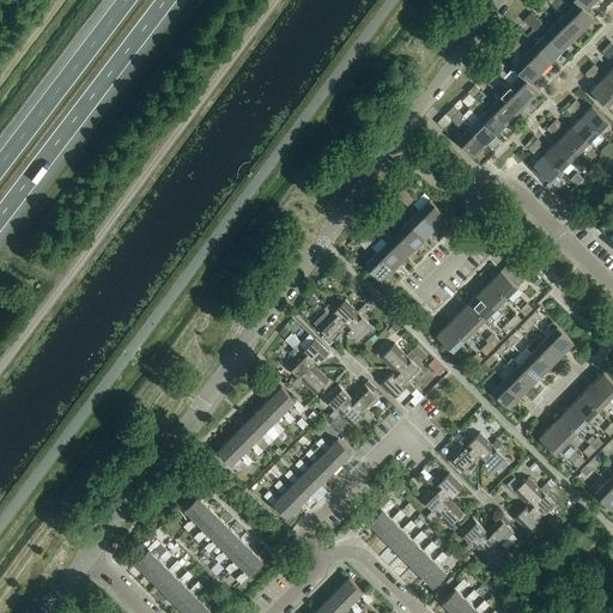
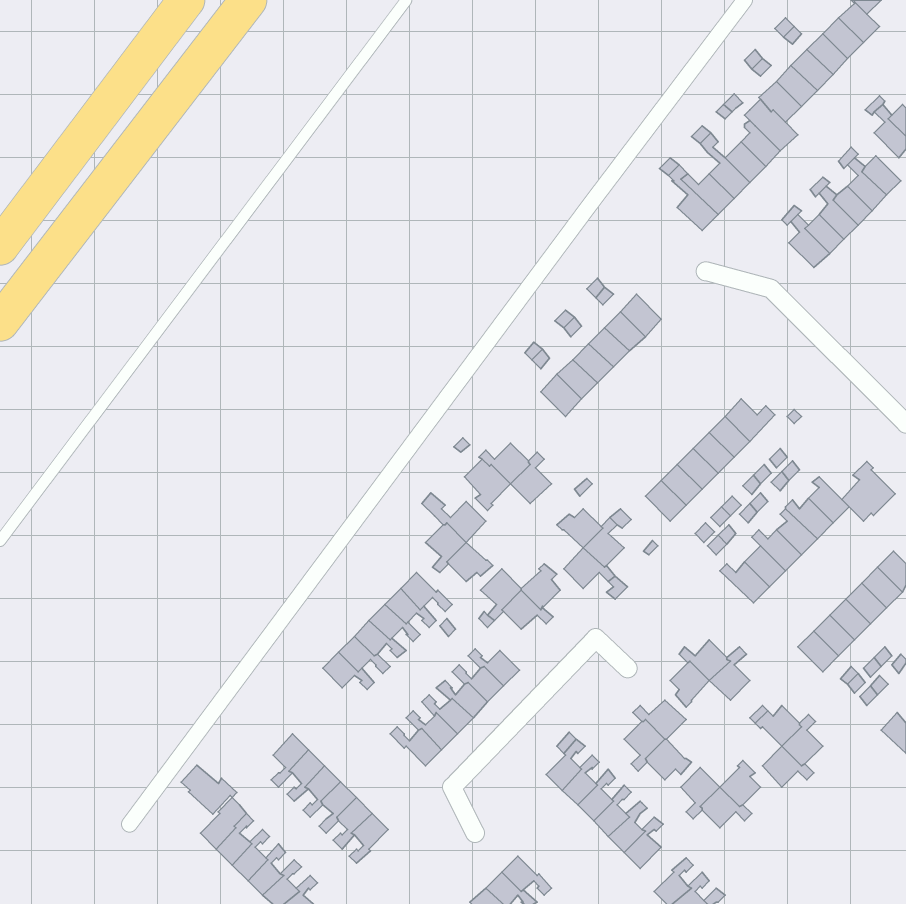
building: none -> [842,462,895,521]
building: none -> [181,765,237,814]

